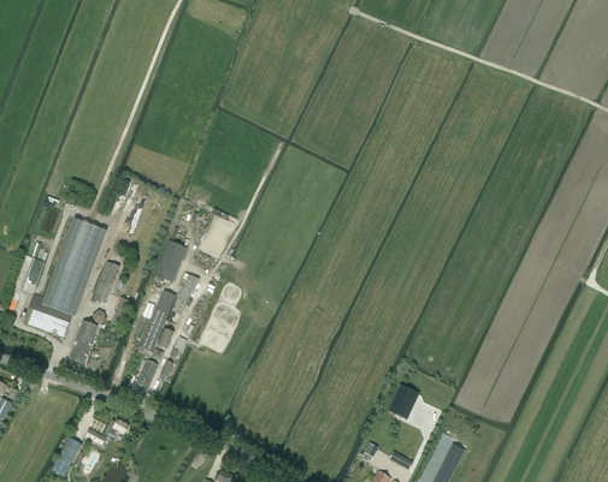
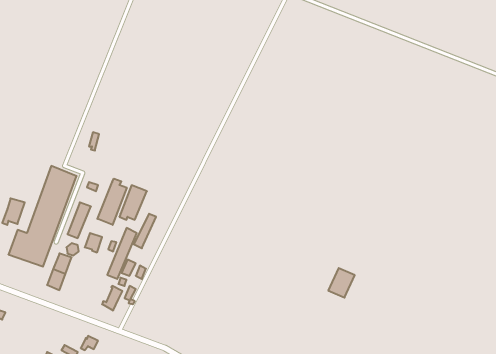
building: none -> [97,179,127,225]
building: [388,385,419,419] -> [328,268,355,298]

